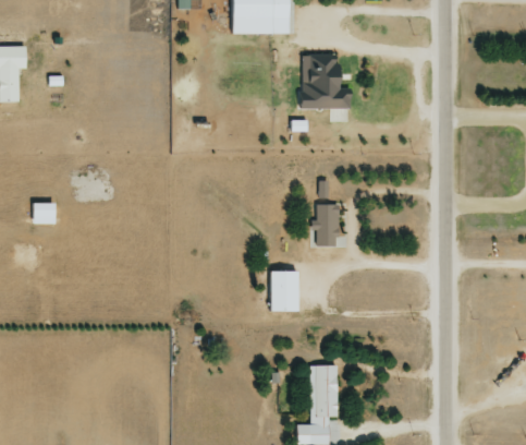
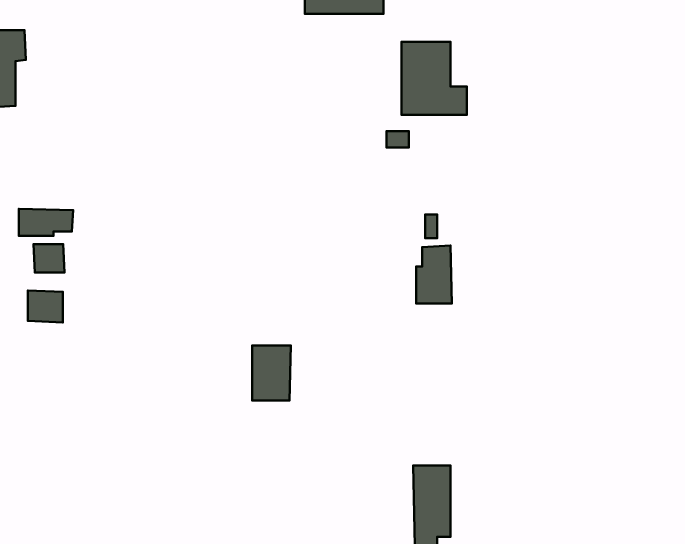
building: none -> [19,209,73,236]
building: none -> [28,290,63,322]
building: [270,270,298,311] -> [252,345,291,400]

